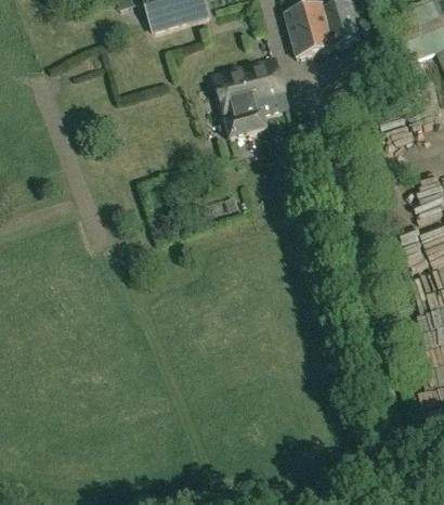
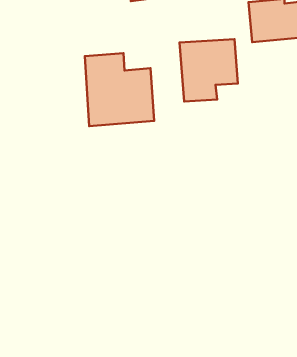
building: none -> [85,53,154,126]

